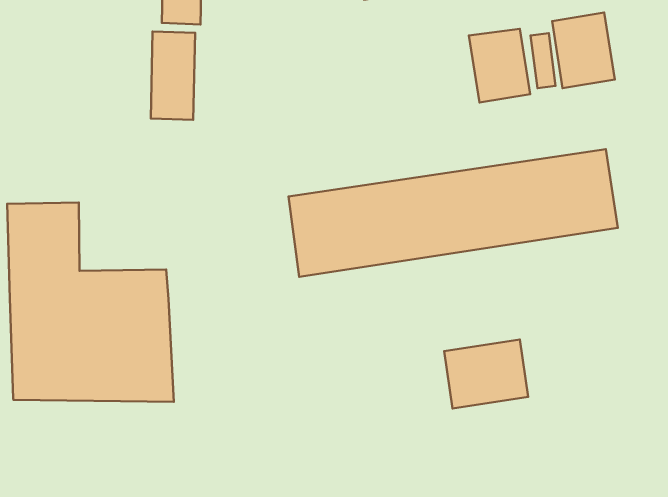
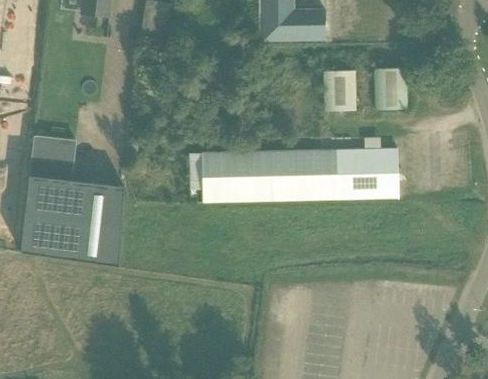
building: [151,31,195,120] -> none
building: [444,339,528,408] -> none

